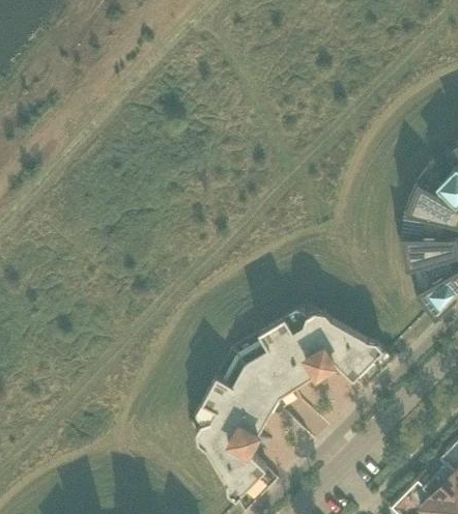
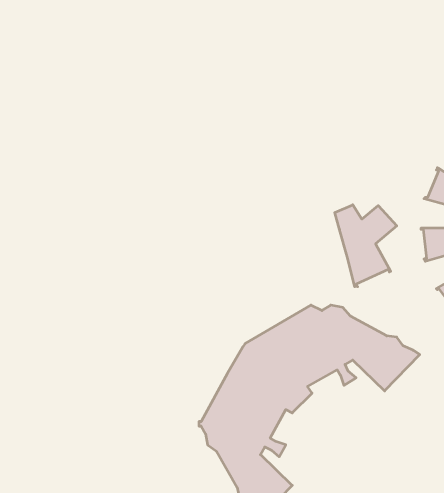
building: none -> [335,205,397,287]

